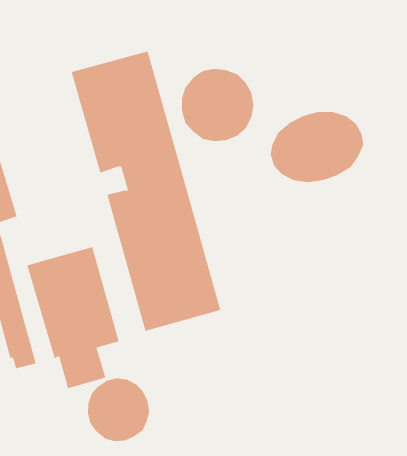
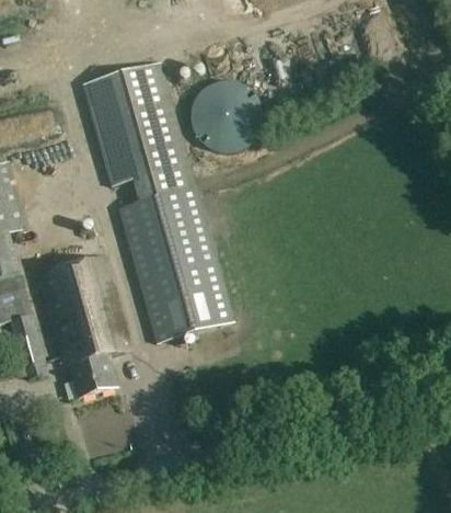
building: [270,111,364,183] -> none
building: [87,377,150,442] -> none

